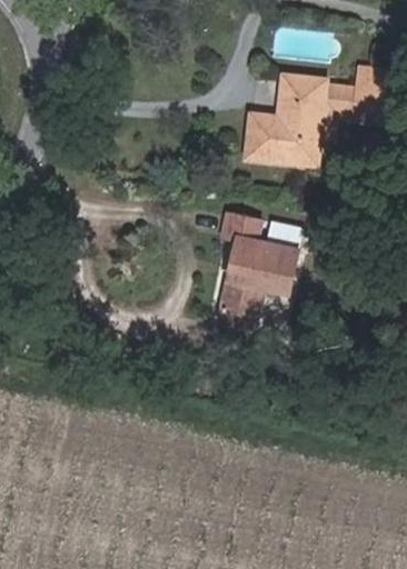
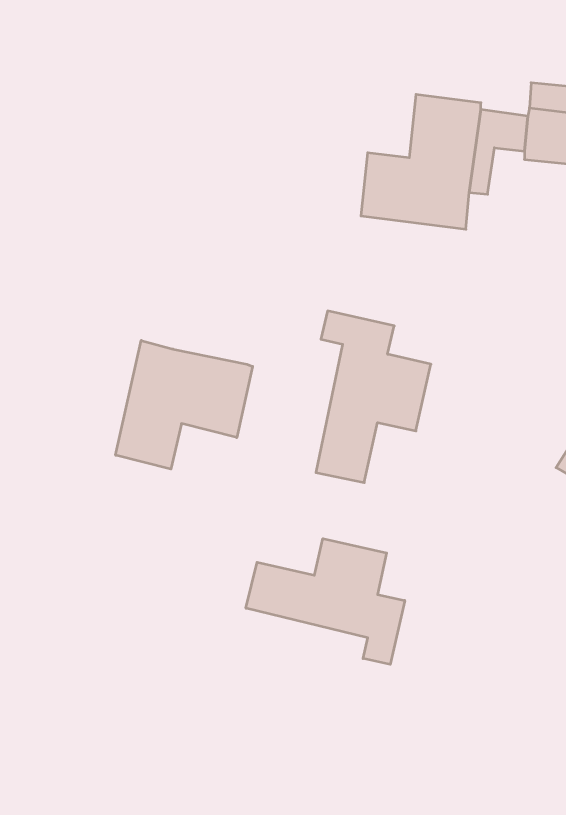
building: none -> [116,340,253,469]
building: none -> [246,539,405,664]

